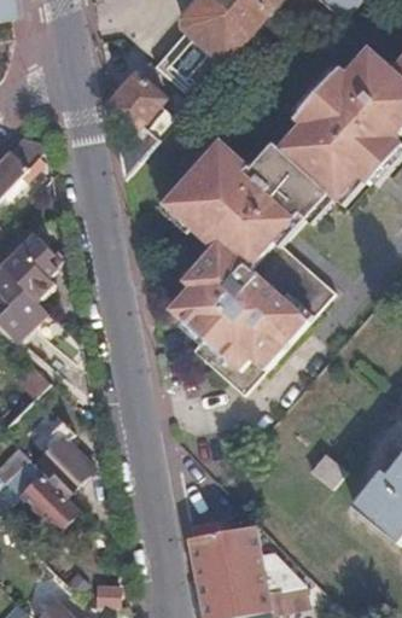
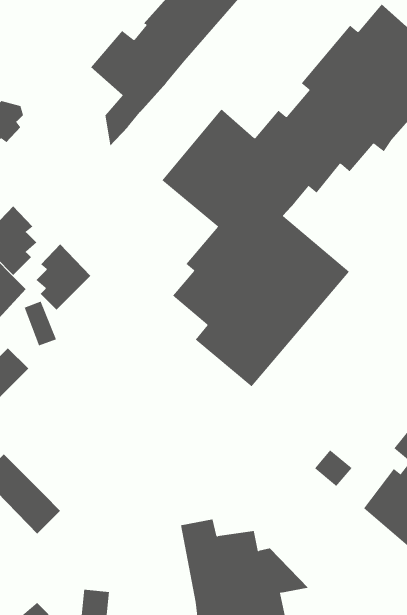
building: none -> [35,243,91,311]
building: [30,419,89,492] -> none

